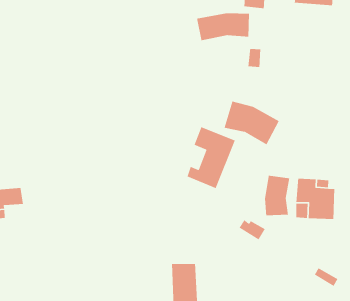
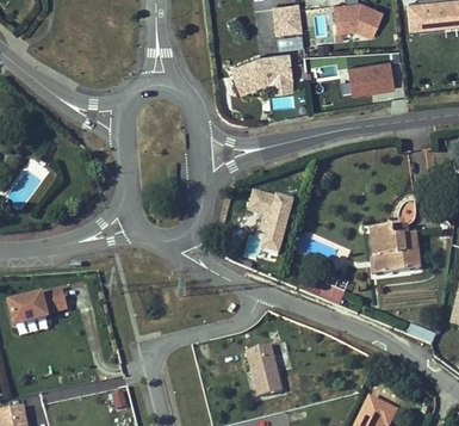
building: none -> [349,58,395,92]
building: [223,101,280,146] -> none
building: [264,175,290,216] -> none

